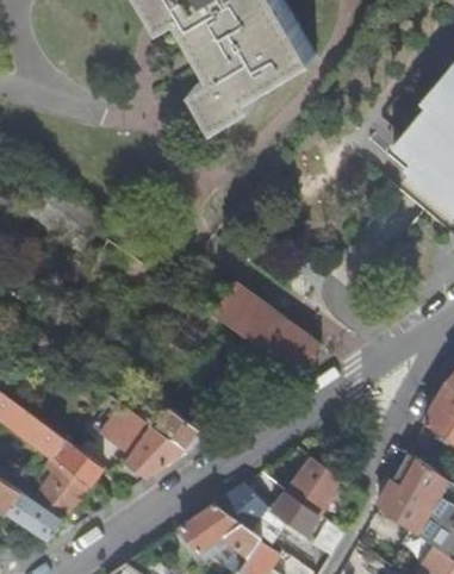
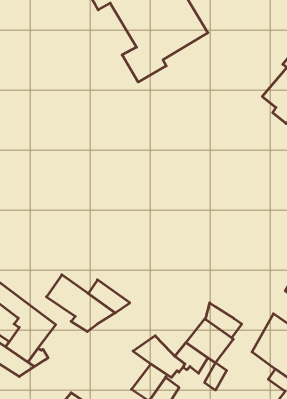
building: [212,283,321,375] -> none
building: none -> [206,303,242,338]
building: [178,505,236,562] -> none

